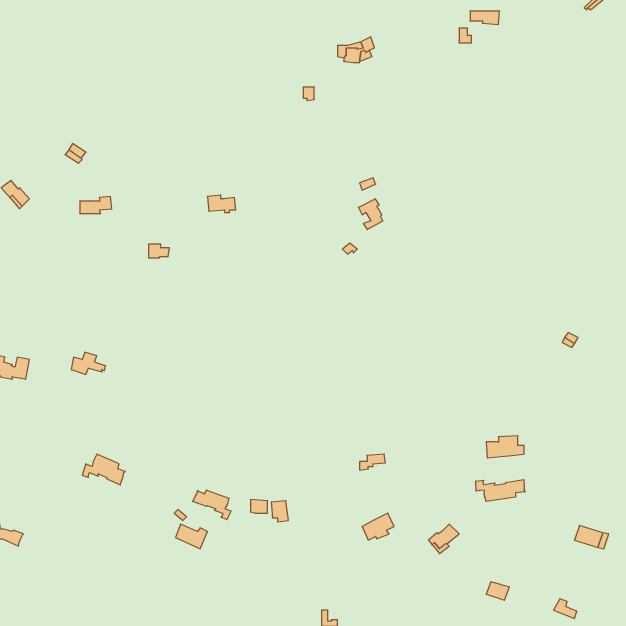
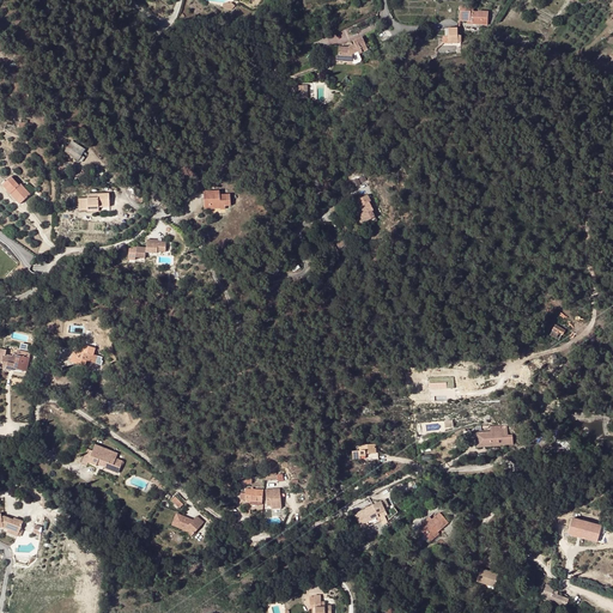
building: [476,480,525,501] -> none
building: [193,490,231,520] -> none

